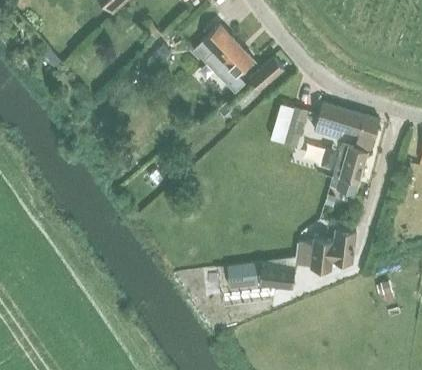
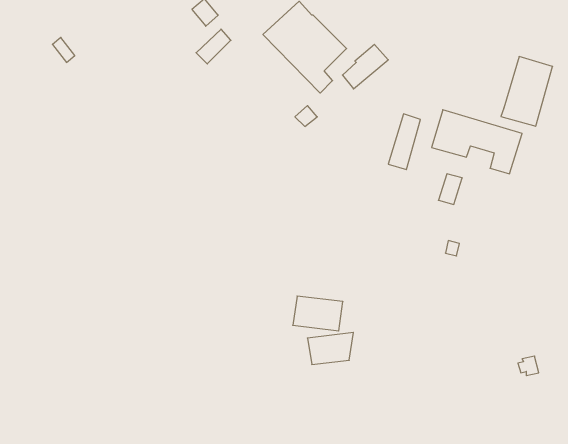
building: [329,145,366,195] -> [501,57,553,126]
building: [310,230,356,270] -> none
building: [259,264,295,289] -> [293,296,343,331]

